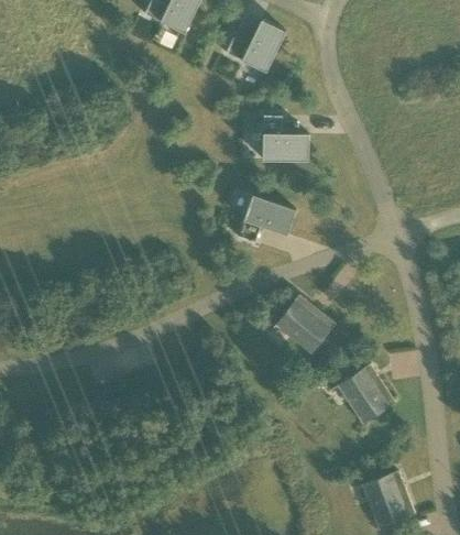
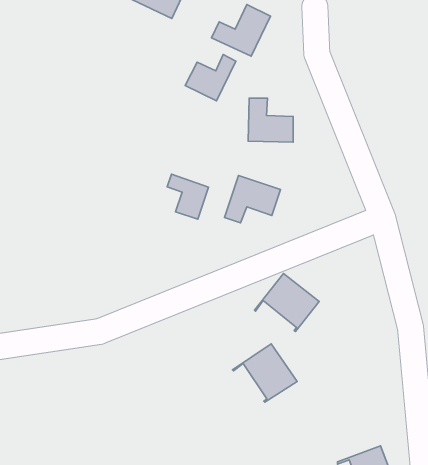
building: none -> [185,55,236,101]
building: none -> [167,174,208,219]
building: [329,364,395,424] -> [232,344,297,402]

